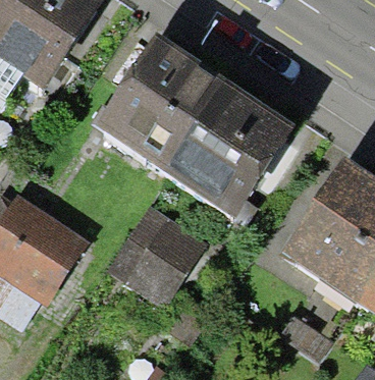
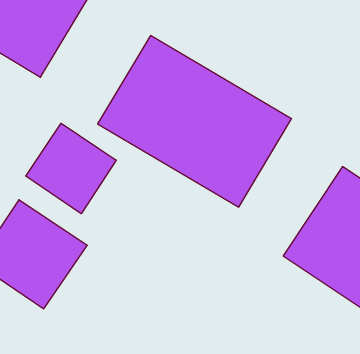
building: none -> [26,123,116,214]
building: [119,217,212,314] -> none

